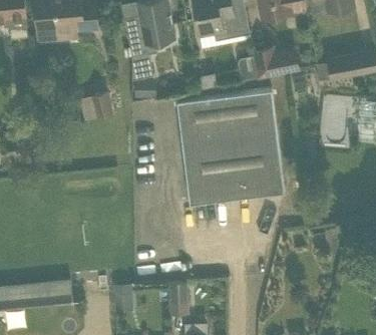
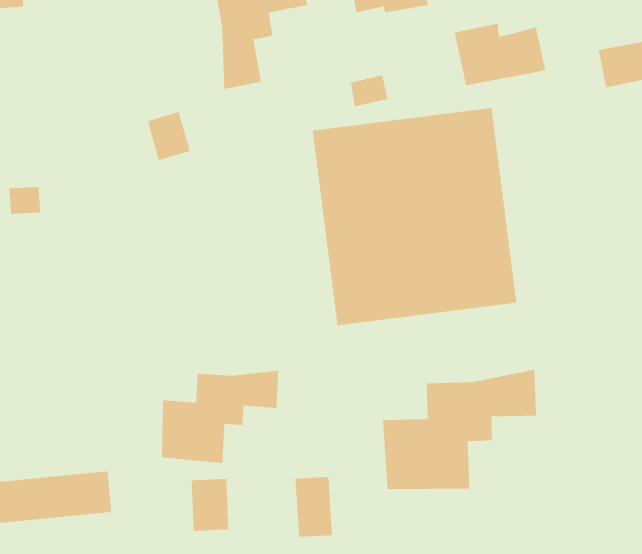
building: none -> [382,369,537,490]
building: none -> [161,370,279,464]

